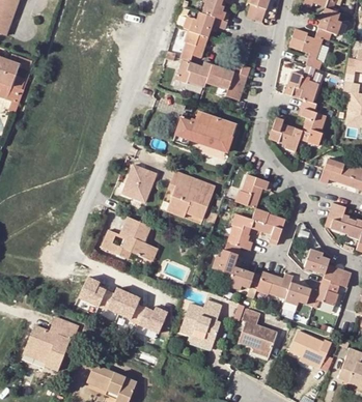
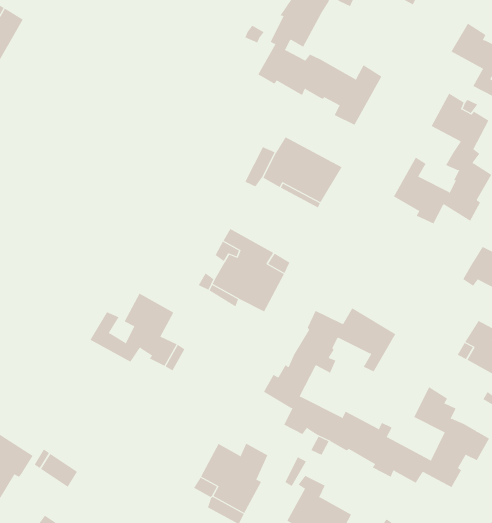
building: [122,169,156,206] -> none
building: [233,174,272,208] -> none
building: [78,278,168,332] -> none

